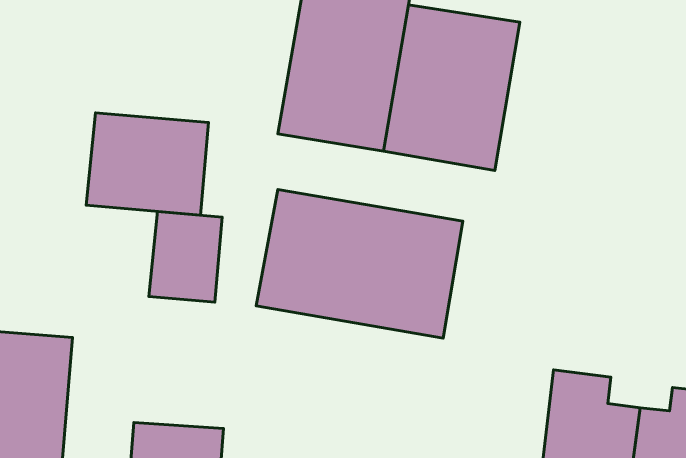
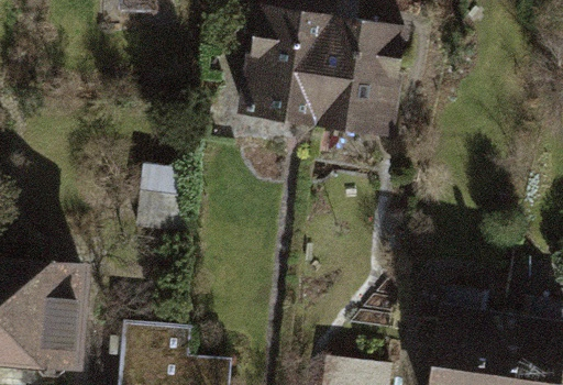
building: [86,113,209,215] -> none
building: [256,189,463,338] -> none

